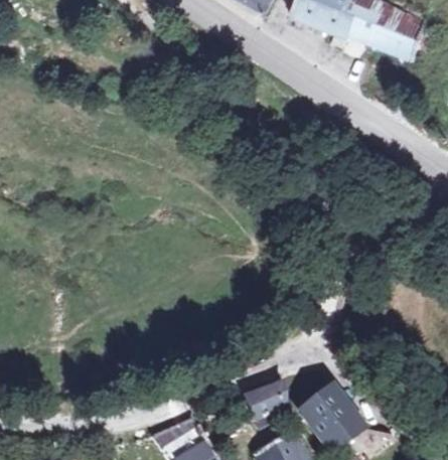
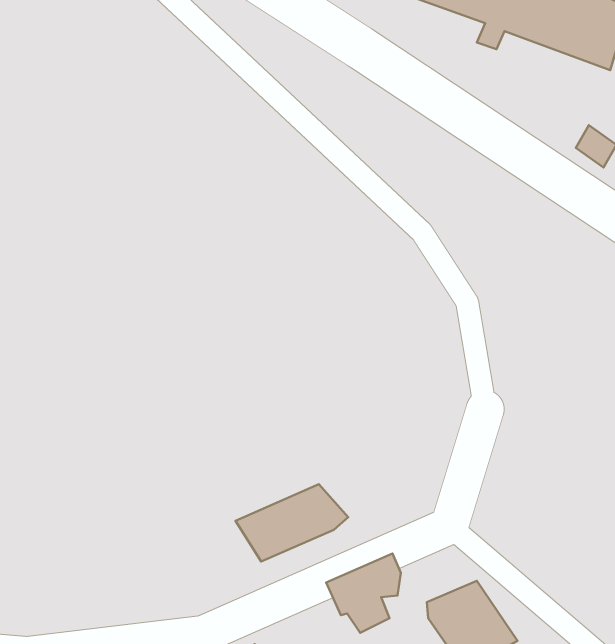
building: none -> [235,484,348,561]

